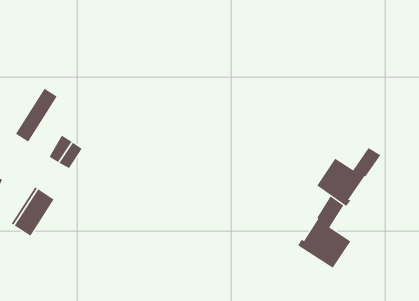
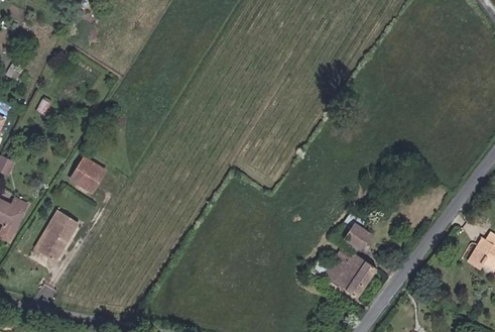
building: [15,88,58,142] -> none
building: [316,147,381,207] -> none

